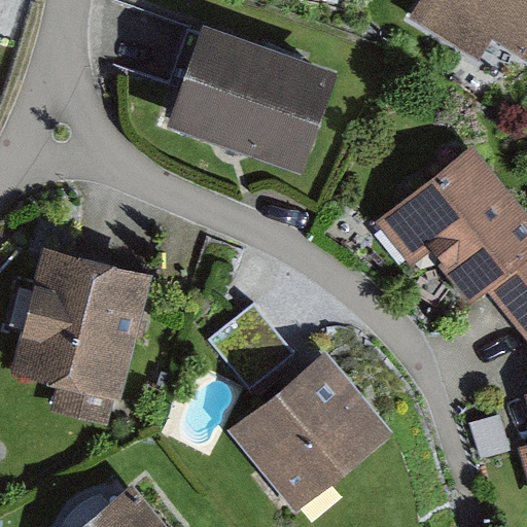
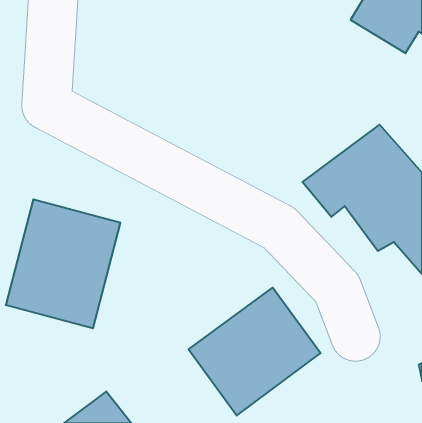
building: [166,23,336,173] -> none
building: [210,301,294,385] -> none

